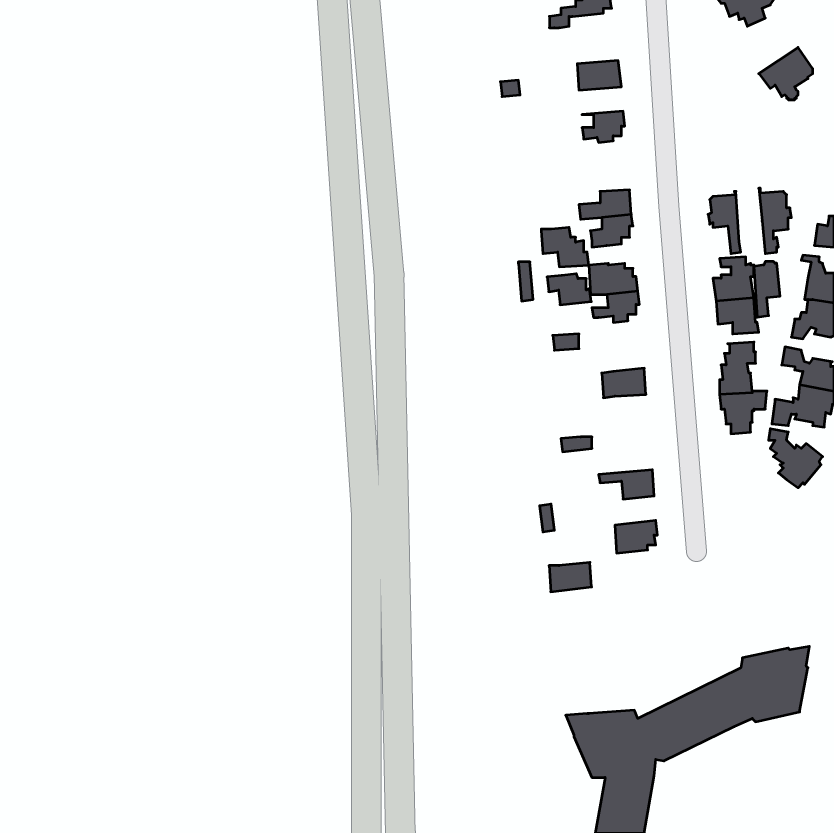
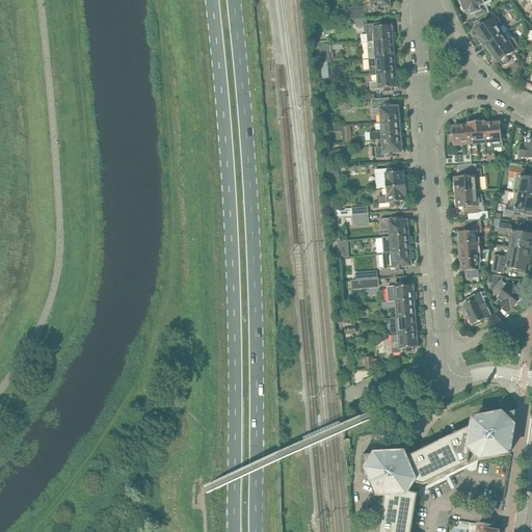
building: none -> [474,16,507,47]
building: none -> [352,17,393,41]
building: none -> [368,55,396,73]
building: [541,227,589,267] -> [370,97,400,122]
building: [754,262,780,317] -> [468,118,484,154]
building: [547,274,591,305] -> [381,216,409,236]
building: none -> [382,250,411,269]
building: none -> [380,281,415,301]
building: none -> [461,285,489,325]
building: [549,562,592,592] -> [390,315,417,334]

